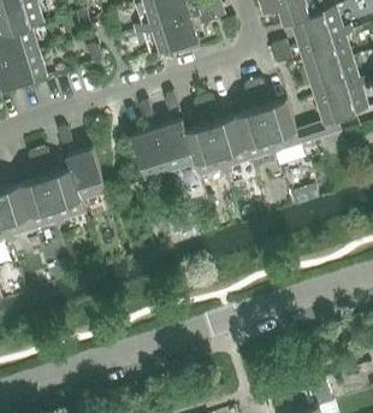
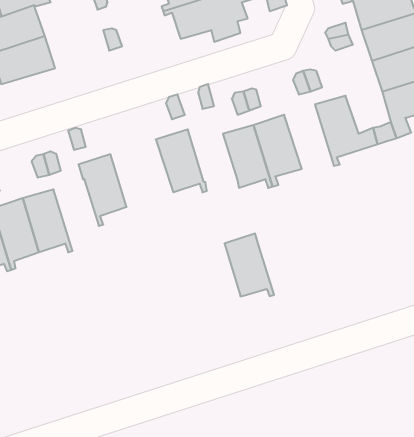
building: [236,107,277,160] -> none
building: [156,119,197,171] -> [224,233,274,296]
building: [46,169,85,228] -> none

